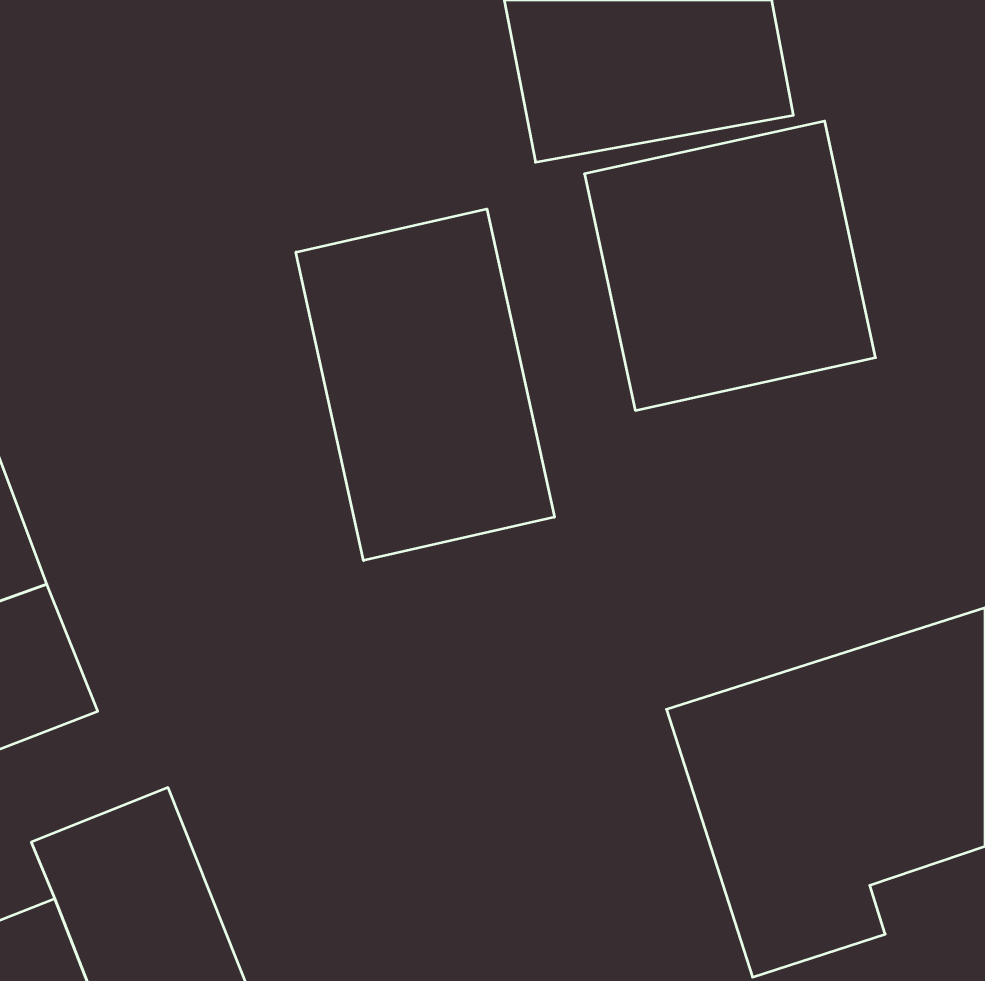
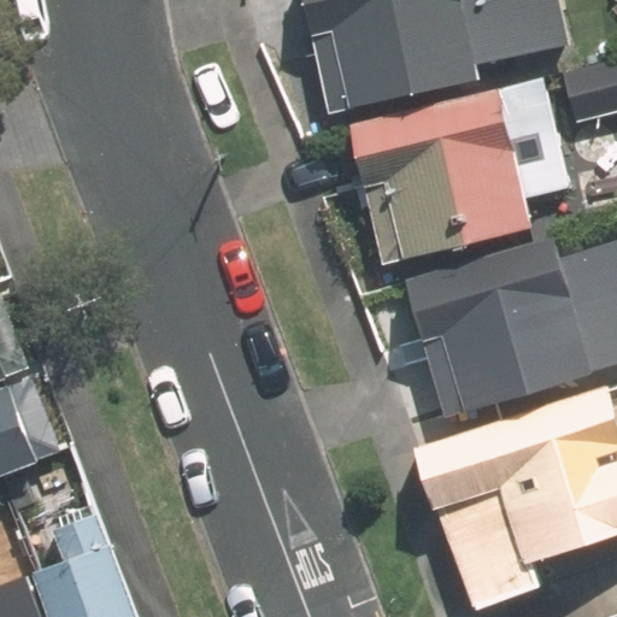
building: [296,209,554,561] -> none
building: none -> [392,236,603,423]

